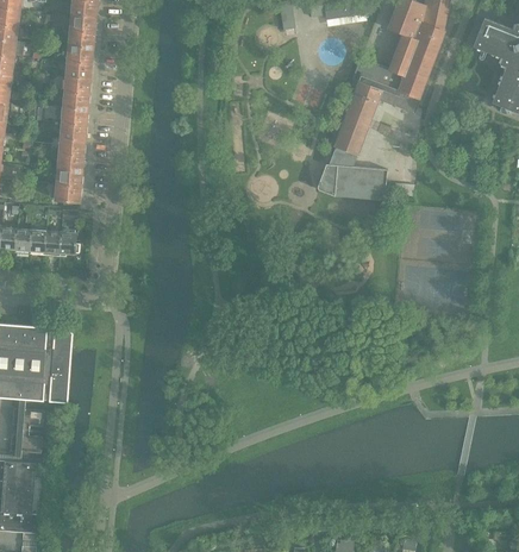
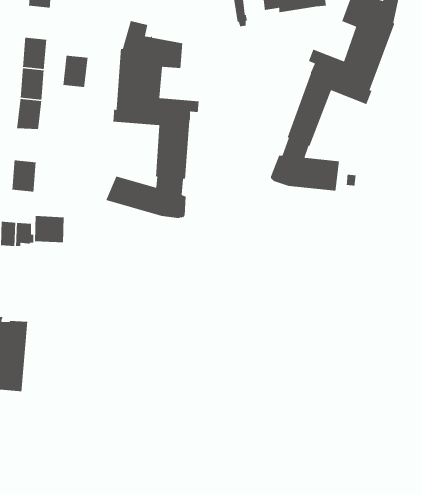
building: [69,13,95,46] -> [62,55,88,88]
building: none -> [105,20,200,219]
building: [58,137,83,170] -> none
building: none -> [34,215,64,243]

